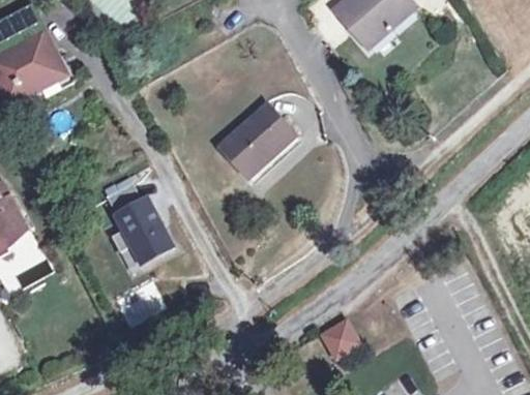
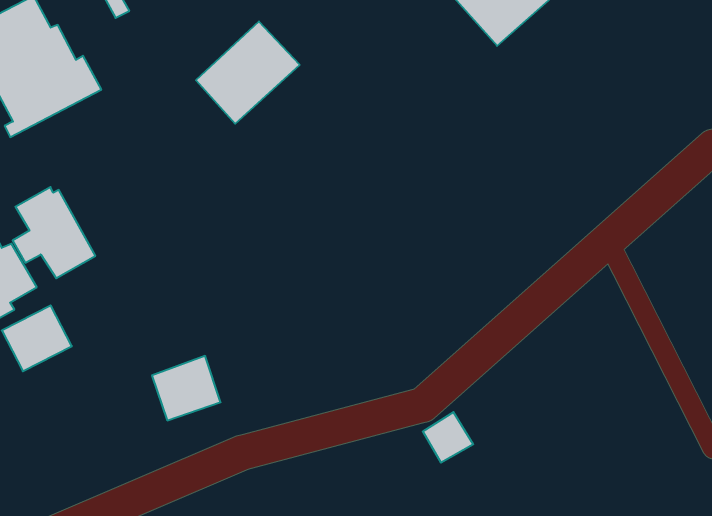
building: [219,103,296,179] -> [196,21,300,124]
building: [113,192,174,260] -> [13,187,95,278]

